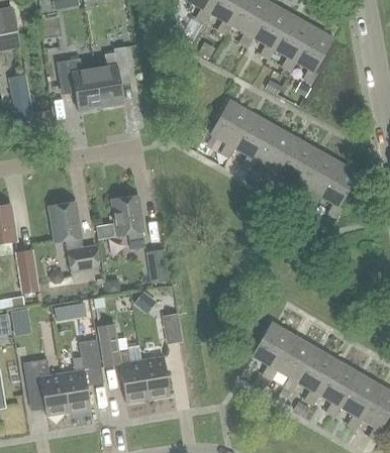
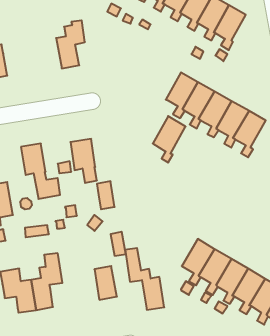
building: [57,59,101,110] -> none
building: [210,98,252,156] -> [153,116,186,163]
building: [99,323,149,401] -> [125,248,164,310]

